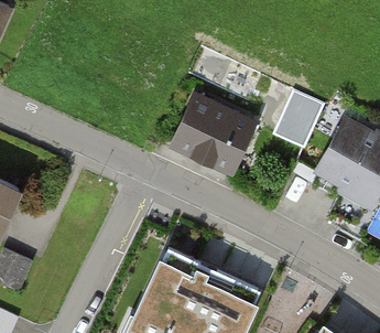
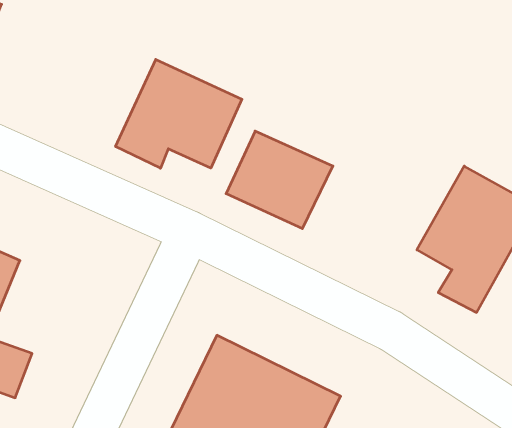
building: none -> [116,59,242,168]
building: [273,94,321,149] -> none

